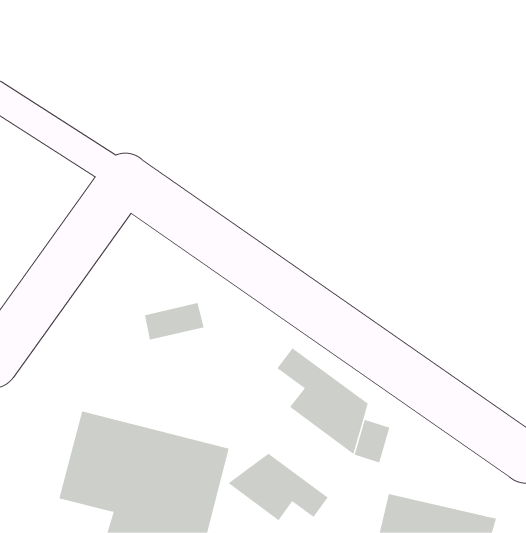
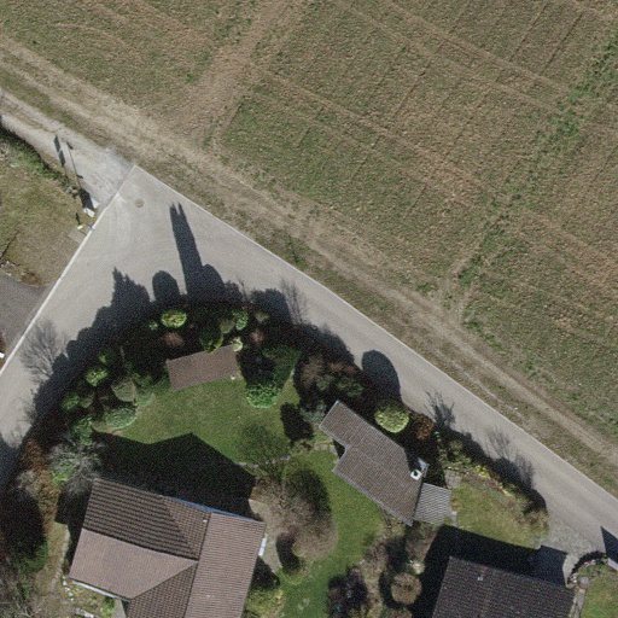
building: [228,453,329,521] -> none

